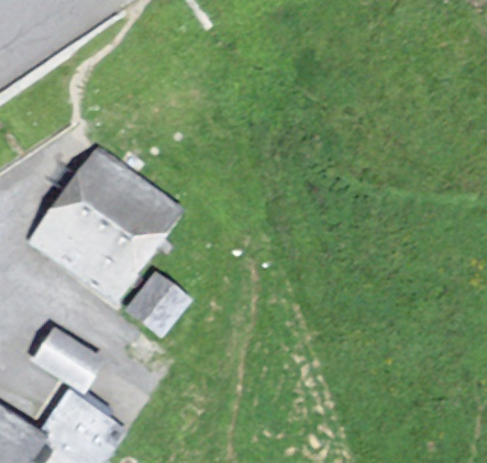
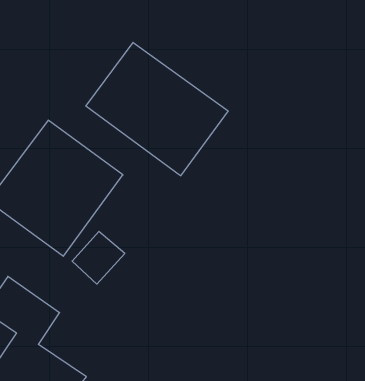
building: none -> [86,42,228,176]

